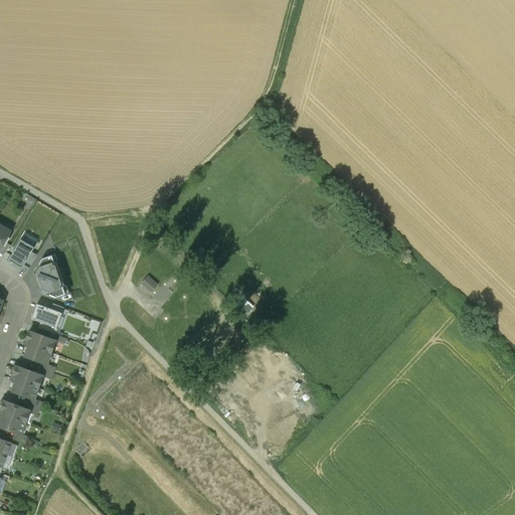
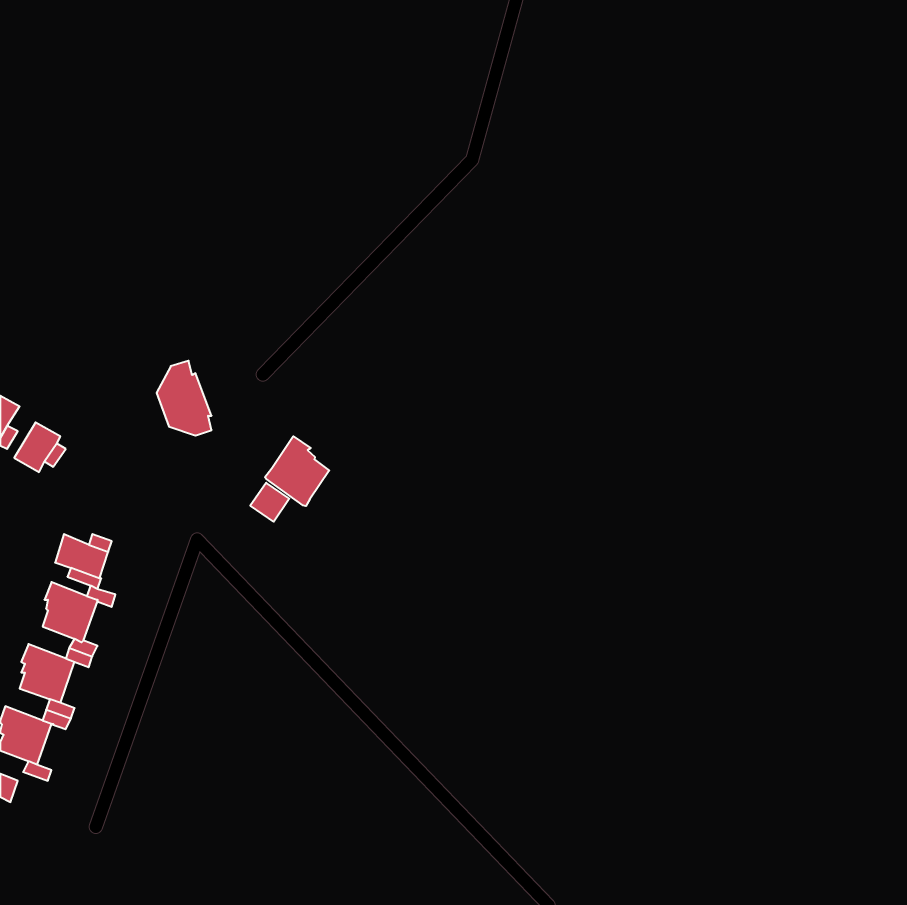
building: none -> [265,436,329,506]
building: [33,254,64,297] -> [157,361,212,435]

